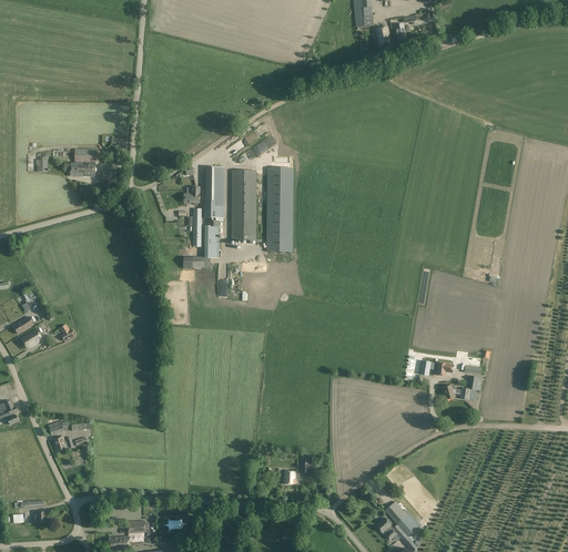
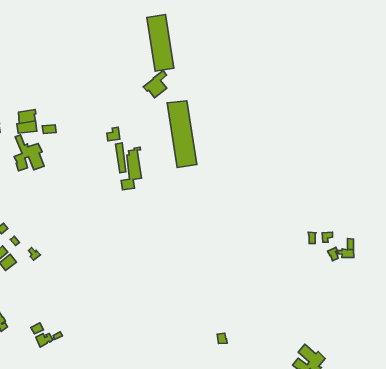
building: [204,166,223,217] -> none
building: [231,170,255,239] -> [147,15,174,71]
building: none -> [14,135,44,171]

